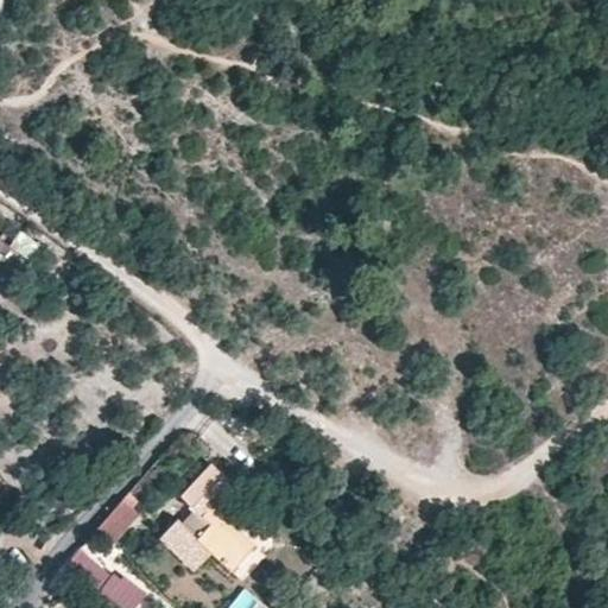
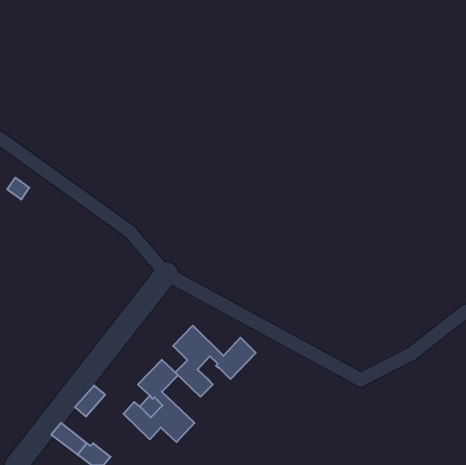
building: none -> [173,326,256,397]

